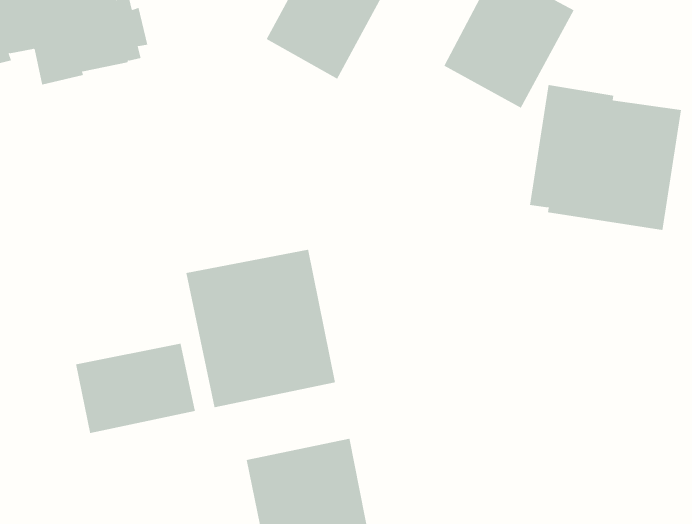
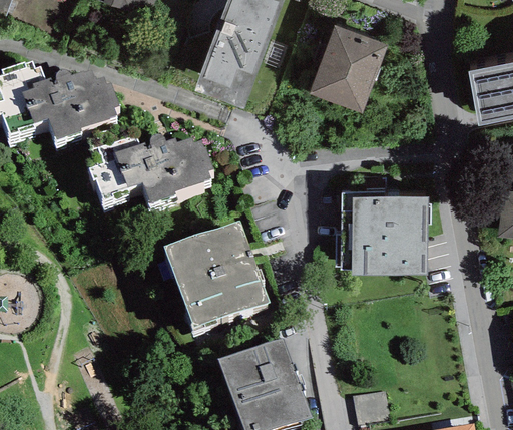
building: [529,85,682,230] -> [341,192,429,275]
building: none -> [89,133,214,203]
building: [75,343,196,434] -> none

